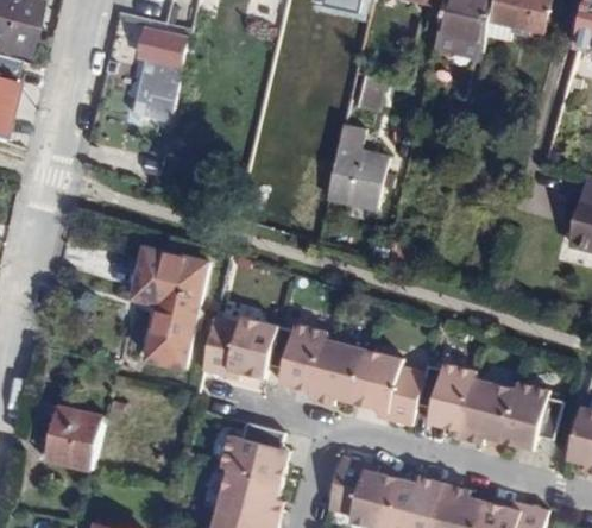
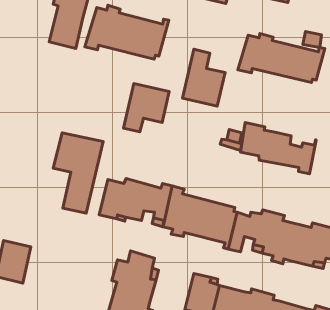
building: none -> [85,5,169,59]
building: none -> [238,33,325,83]
building: none -> [123,83,169,132]
building: none -> [241,123,316,174]

